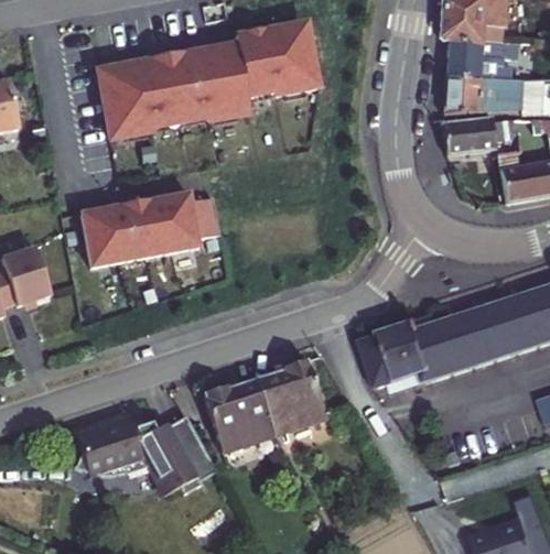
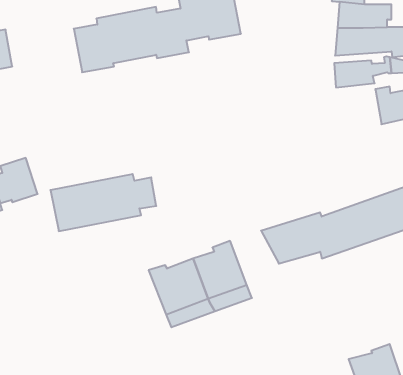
building: [83,189,222,264] -> [50,174,156,231]
building: [77,423,220,504] -> none

